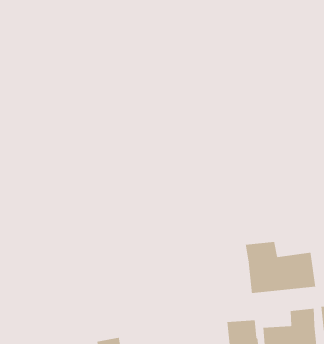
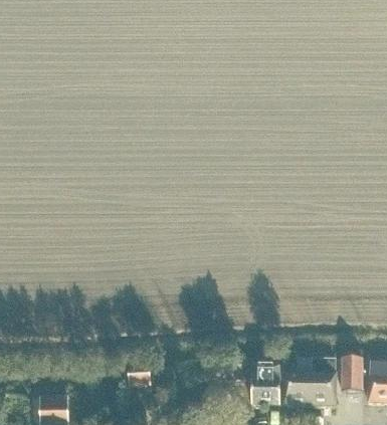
building: [245,241,316,294] -> none

